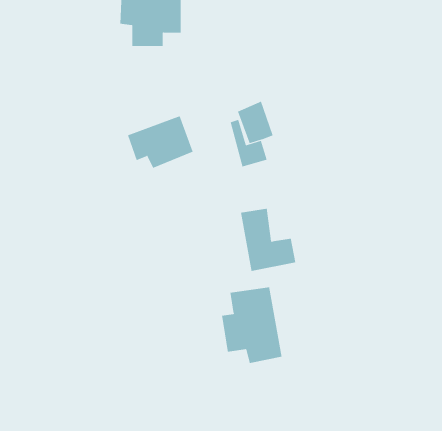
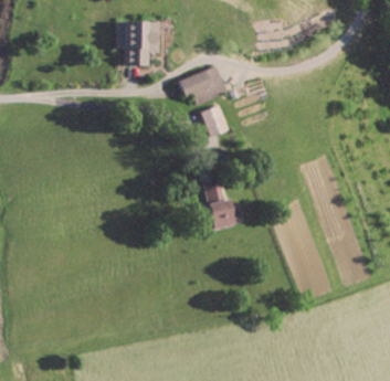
building: [127,116,194,168] -> [180,65,229,104]
building: [221,286,282,364] -> none

